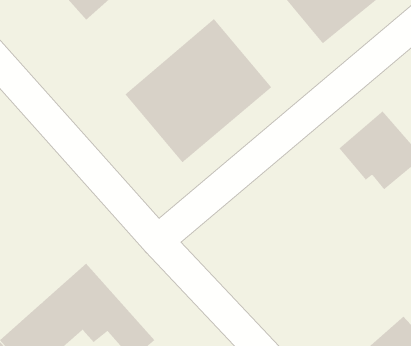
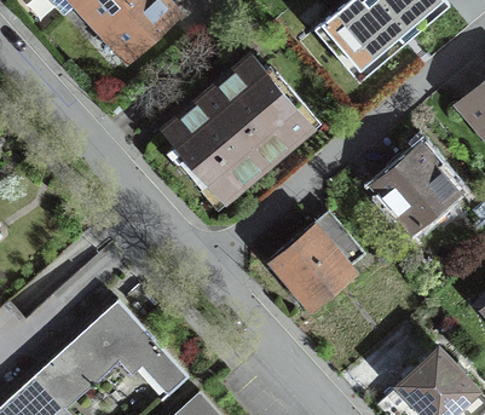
building: none -> [267,214,362,301]

